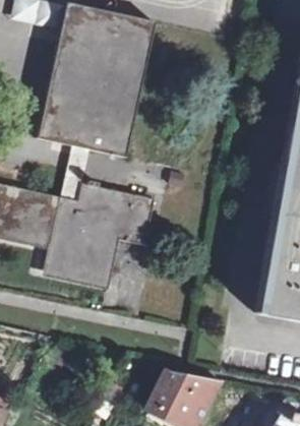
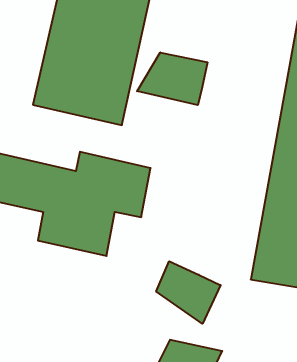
building: none -> [137,52,207,105]
building: none -> [156,261,221,324]

